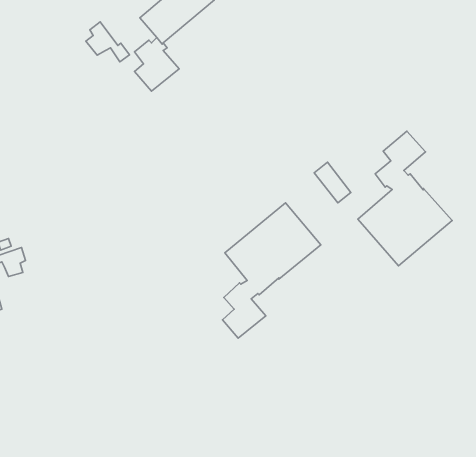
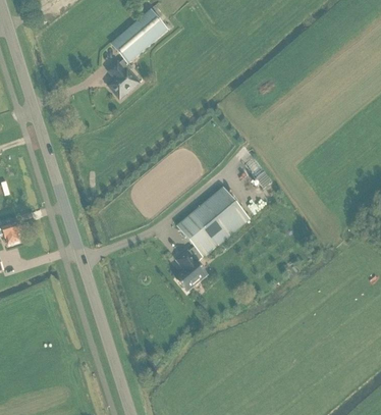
building: [86,22,130,62] -> none
building: [358,131,452,266] -> none

